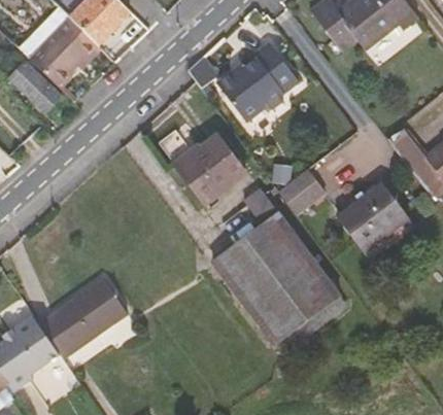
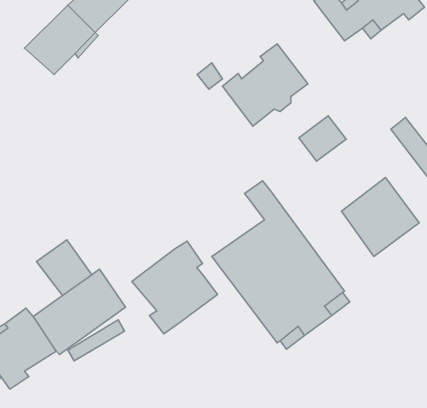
building: [9,60,59,108] -> none
building: [176,134,245,203] -> none
building: [277,168,323,212] -> [299,116,346,161]
building: none -> [37,240,92,296]
building: none -> [132,241,217,334]

